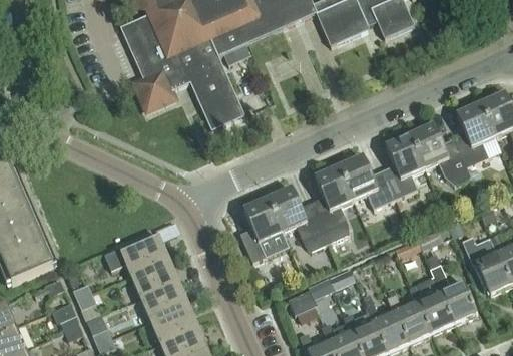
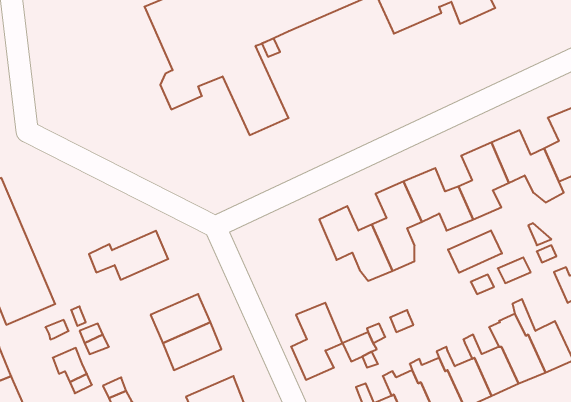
building: [241,198,284,261] -> [291,303,342,380]
building: none -> [448,230,502,273]
building: [105,236,170,276] -> [89,231,168,280]
building: [150,304,199,343] -> none

